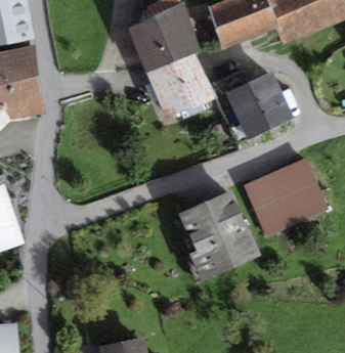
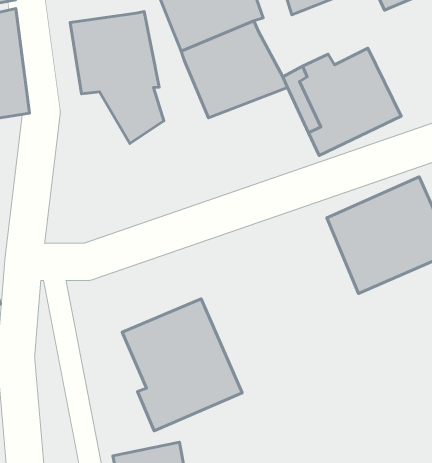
building: none -> [70,11,164,144]
building: [179,191,260,280] -> [122,299,242,431]

